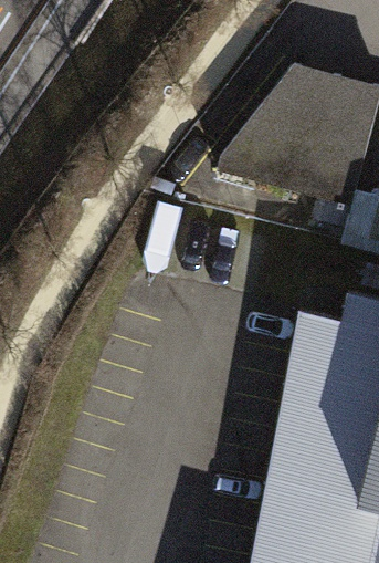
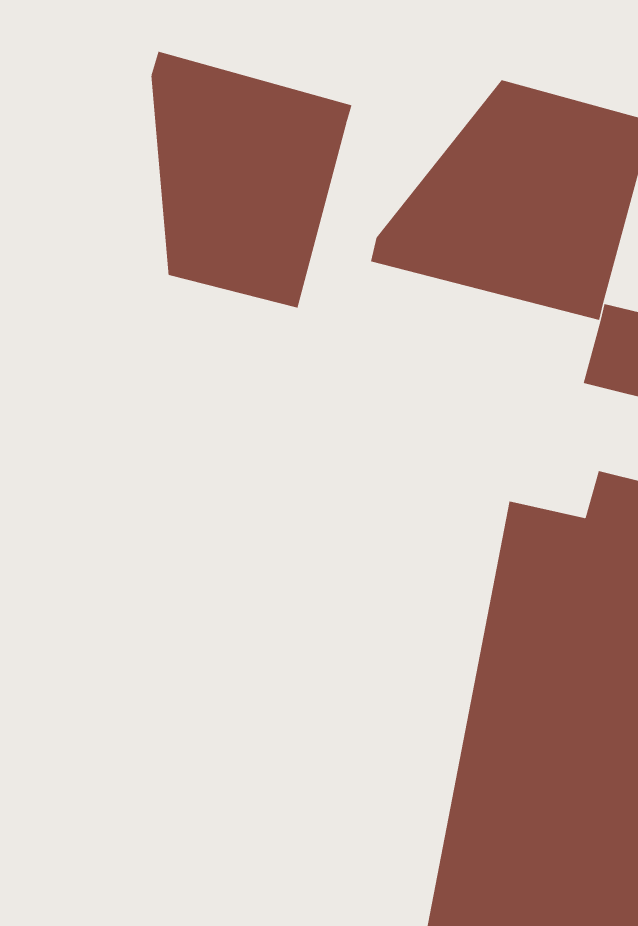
building: none -> [151,51,352,309]

